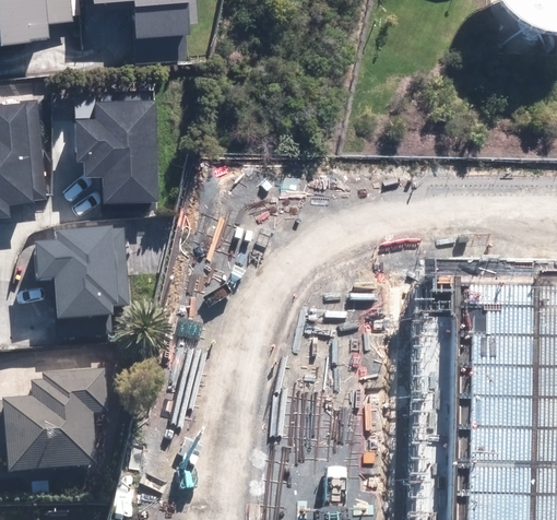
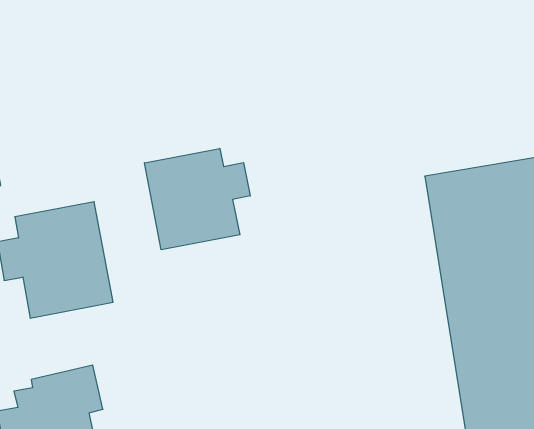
building: [68,85,153,203] -> none
building: none -> [144,148,250,250]

